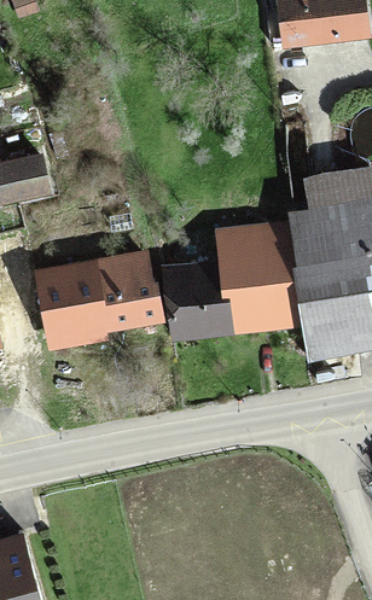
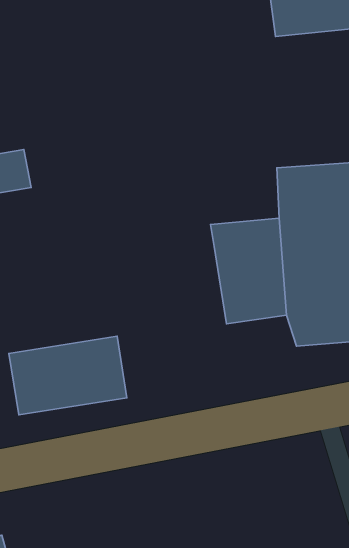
building: [162,254,237,340] -> none
building: [39,257,155,334] -> [9,336,127,415]

